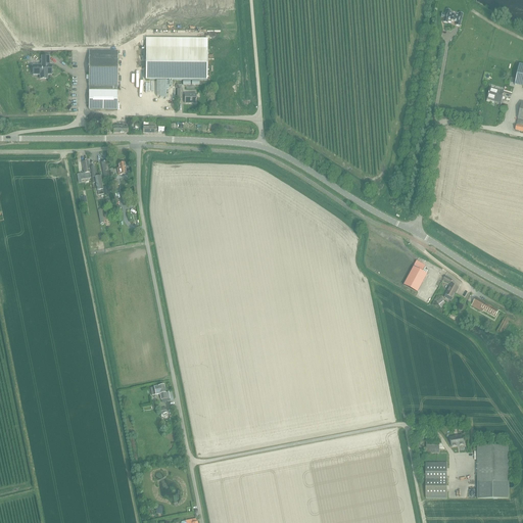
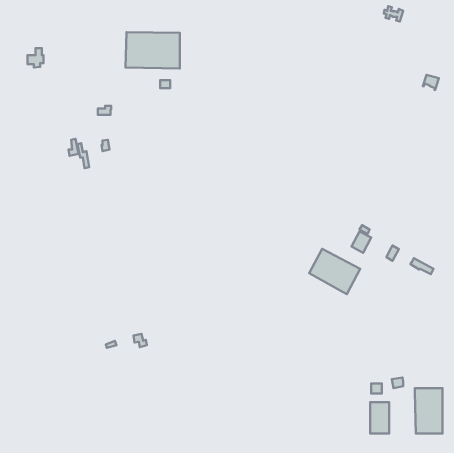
building: [88,49,116,107] -> none
building: none -> [309,249,360,294]

